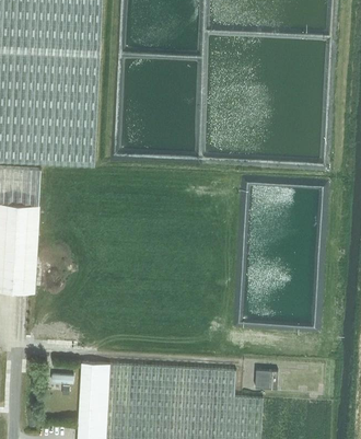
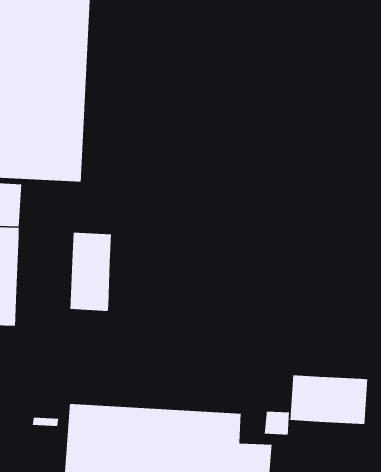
building: none -> [69,232,112,312]
building: none -> [289,374,368,425]

